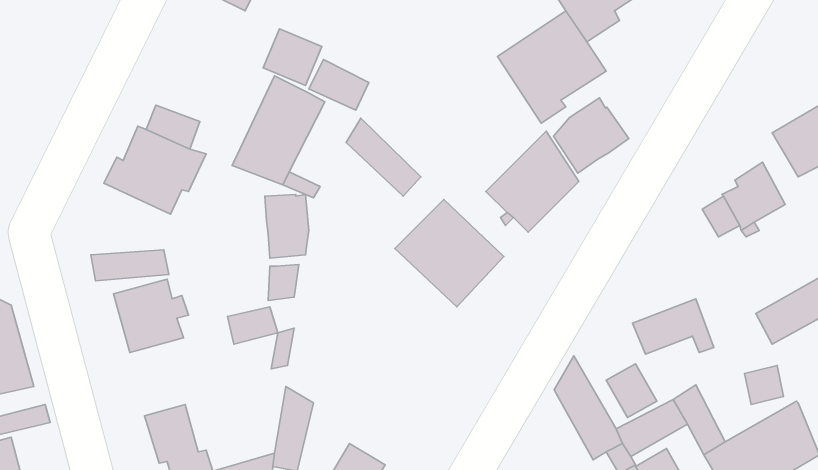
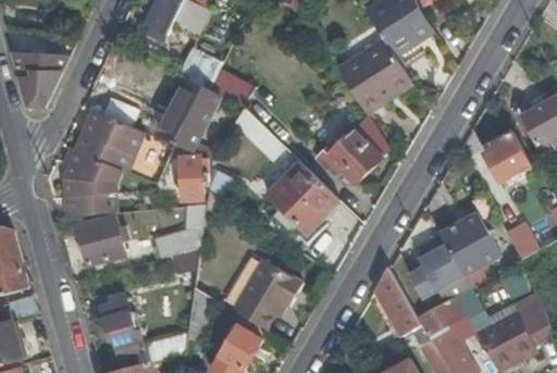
building: none -> [13,54,69,108]
building: [553,98,629,173] -> none
building: none -> [61,149,117,199]
building: none -> [231,258,301,330]

